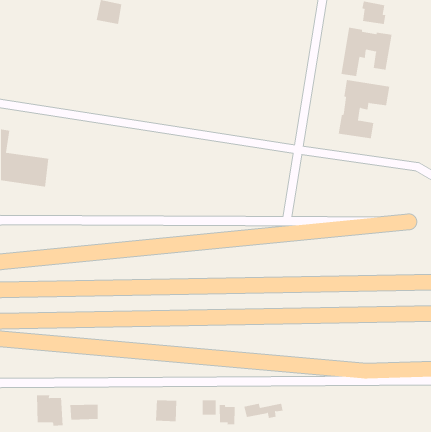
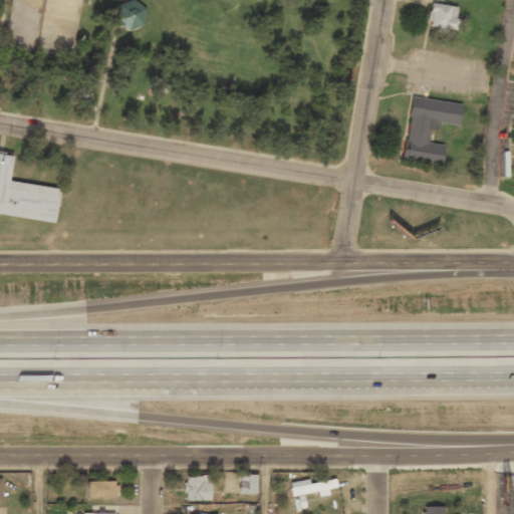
building: [341,27,392,77] -> none
building: [37,394,63,427] -> none
building: [219,404,235,425] -> none

